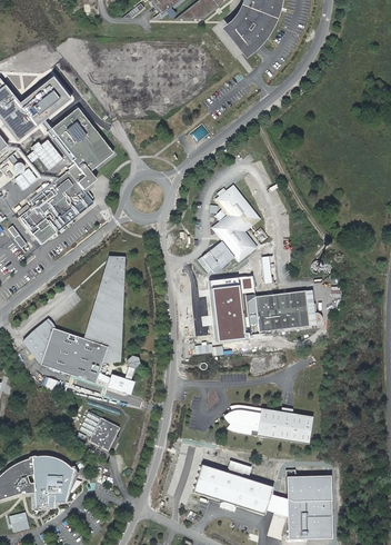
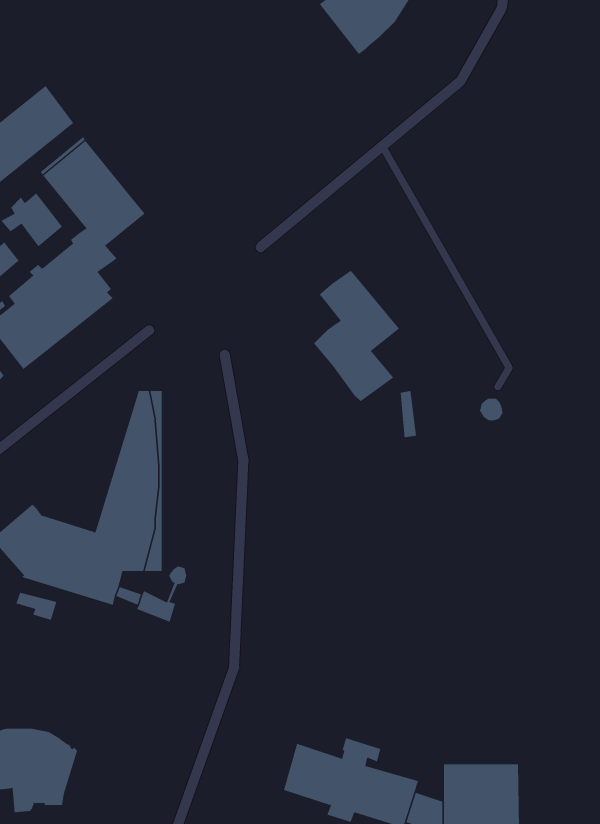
building: [199,241,235,274] -> none
building: [211,276,324,343] -> none
building: [221,405,309,444] -> none
building: [80,410,120,448] -> none

